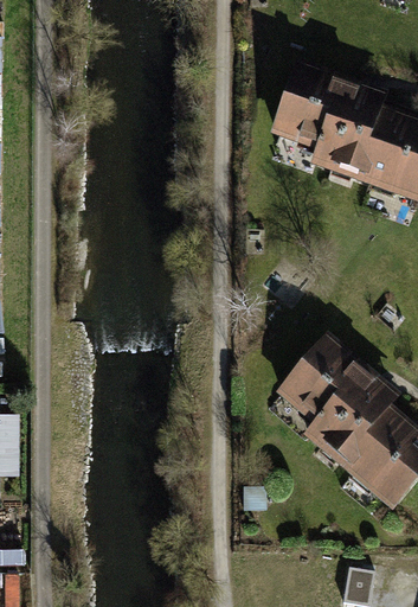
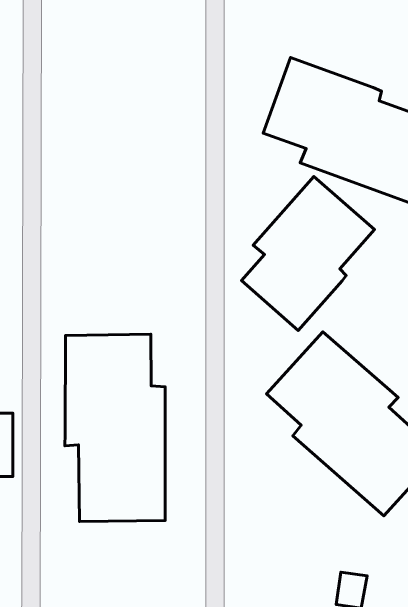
building: none -> [241,176,375,330]
building: none -> [65,334,165,522]

